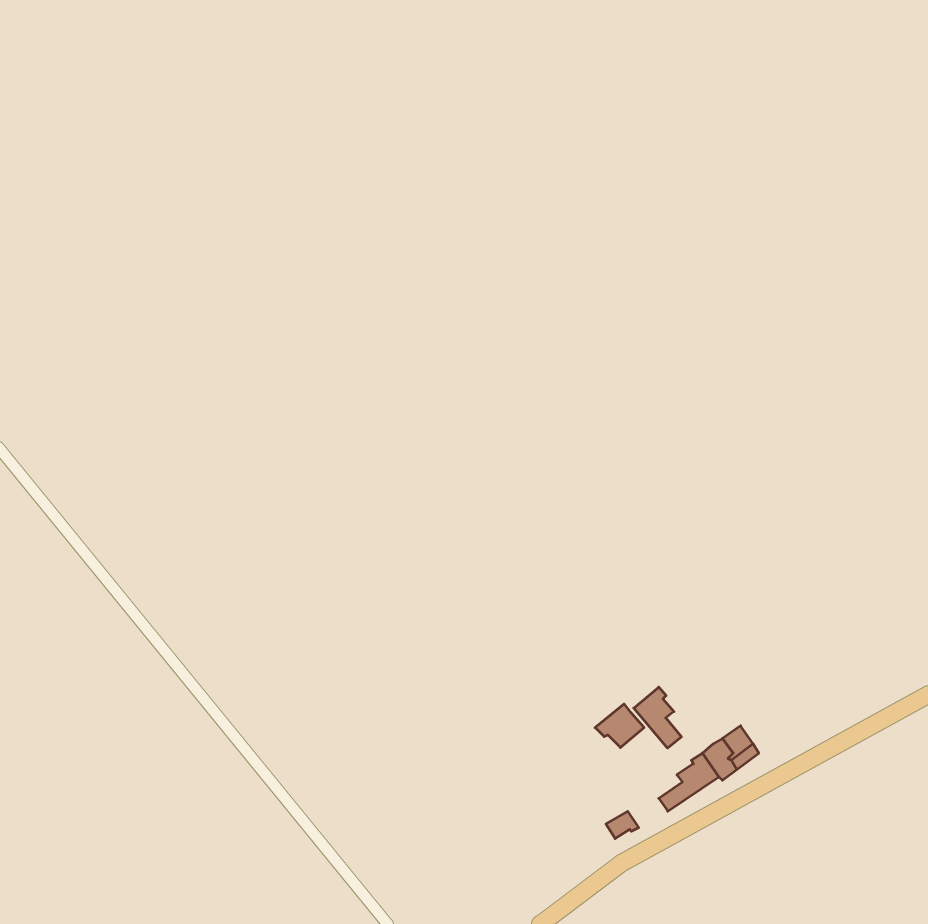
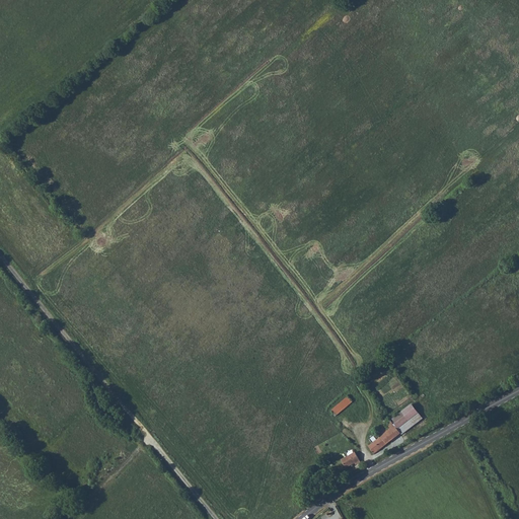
building: [634,687,681,748] -> none

